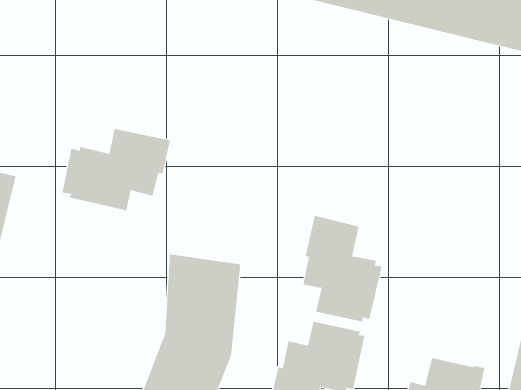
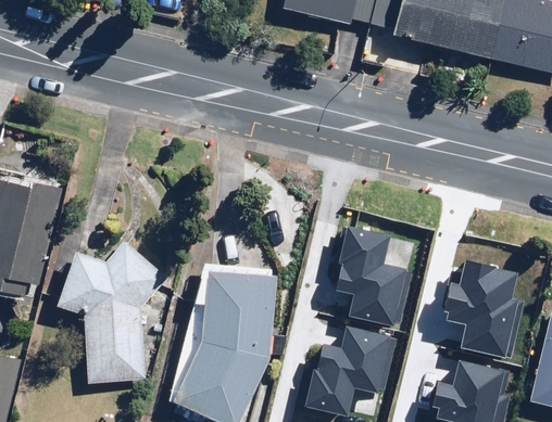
building: [62,128,171,211] -> none
building: none -> [59,239,167,381]
building: none -> [442,261,522,360]

